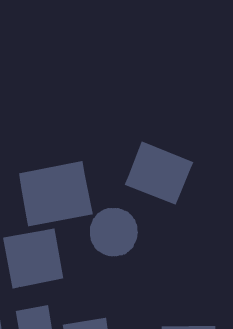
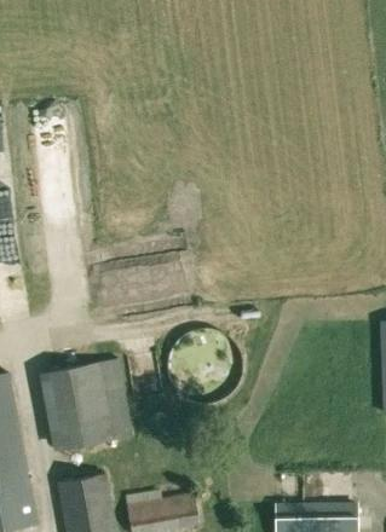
building: [124,141,194,206] -> none
building: [18,160,93,227] -> none

